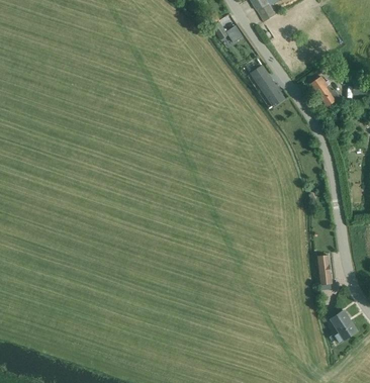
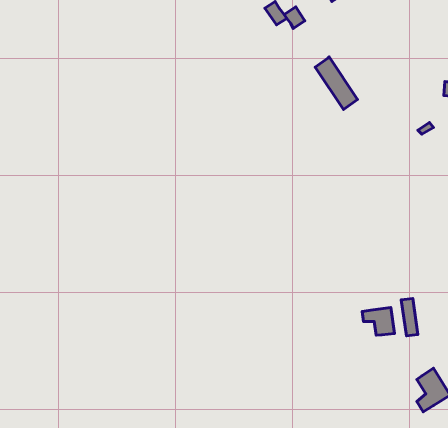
building: [310,77,339,106] -> none
building: none -> [362,307,395,335]

